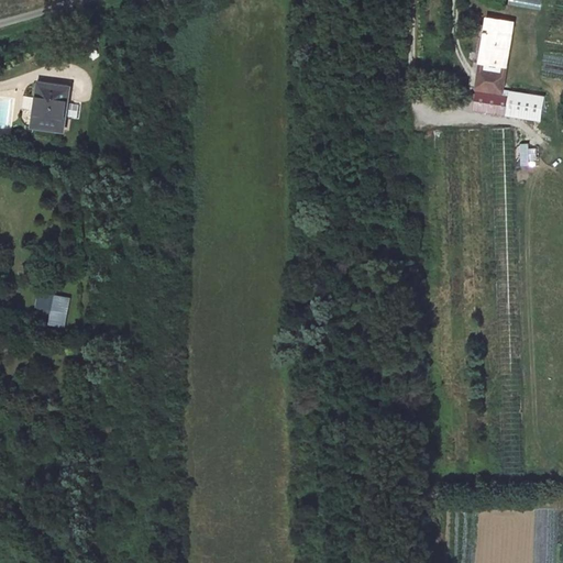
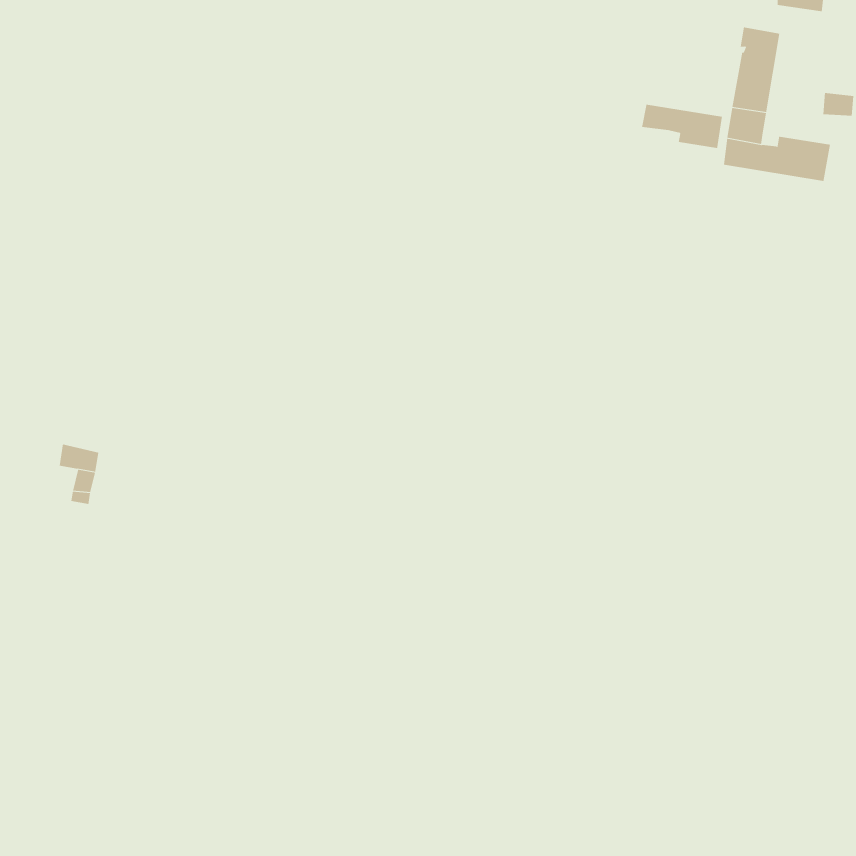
building: none -> [642,104,722,149]
building: [27,82,67,128] -> none

